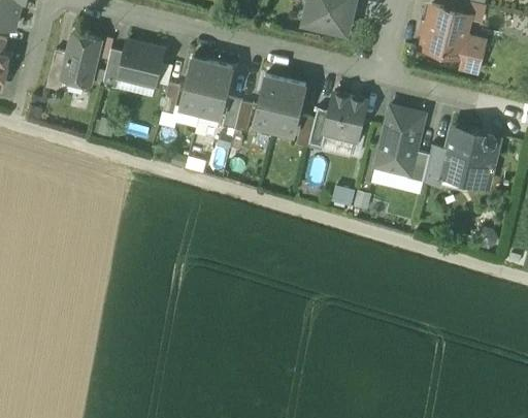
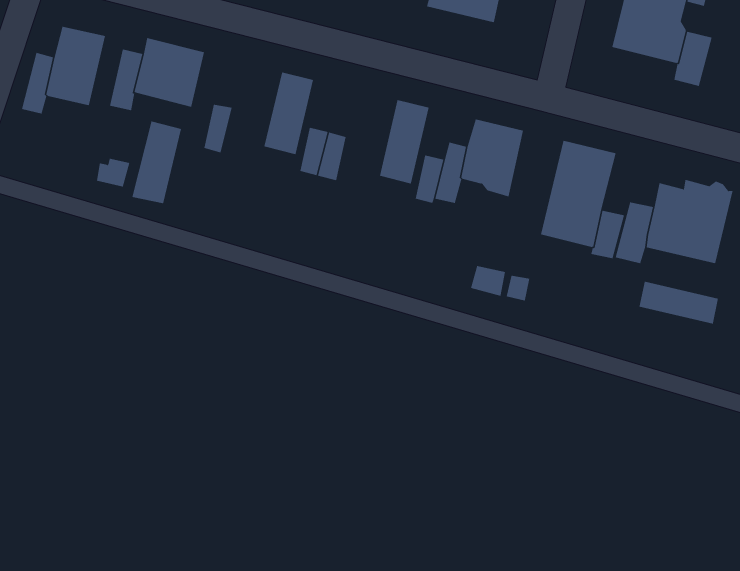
building: [180,58,212,110] -> [131,121,182,204]
building: [254,75,286,129] -> none
building: none -> [639,281,719,324]

